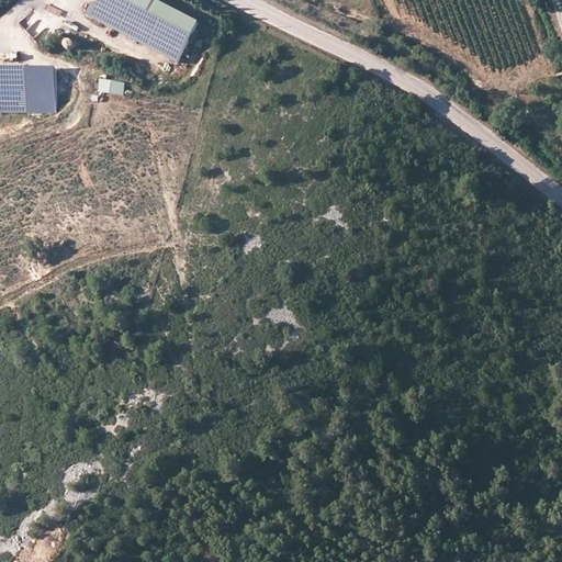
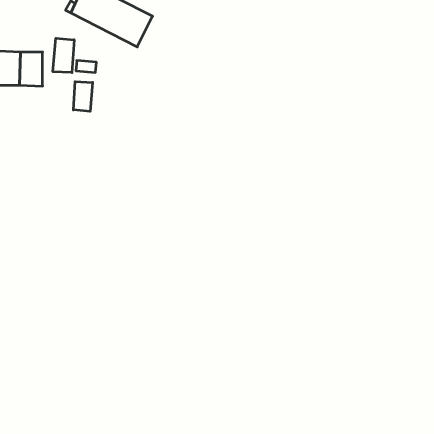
building: none -> [53,38,74,73]
building: none -> [73,82,93,111]

